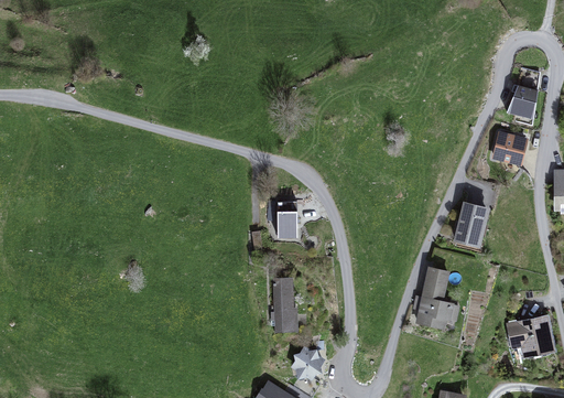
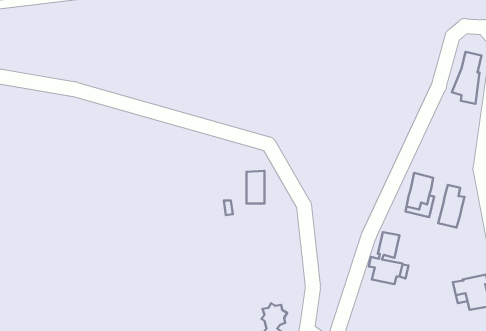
building: [494,133,525,164] -> none
building: none -> [438,185,465,227]
building: [270,277,294,333] -> none

